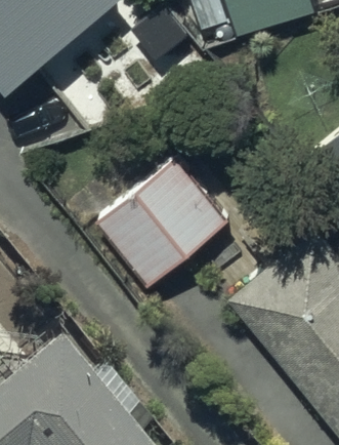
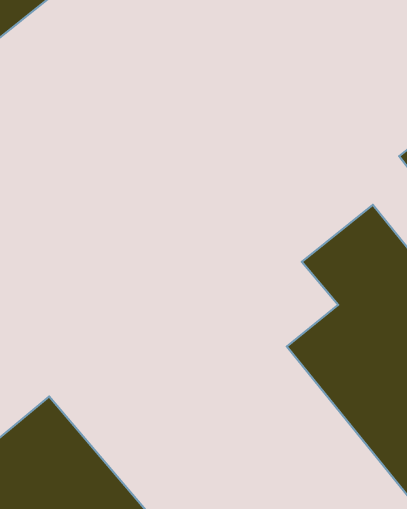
building: [97,160,228,289] -> none

